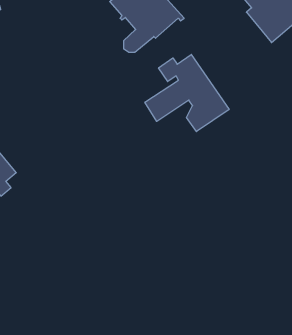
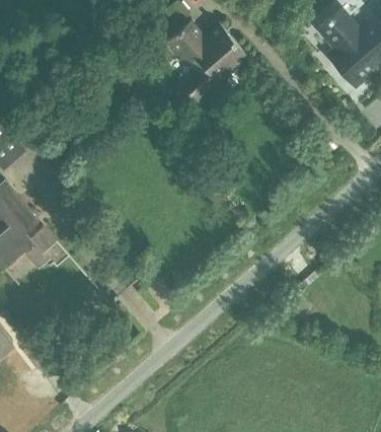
building: [145,54,229,132] -> none

